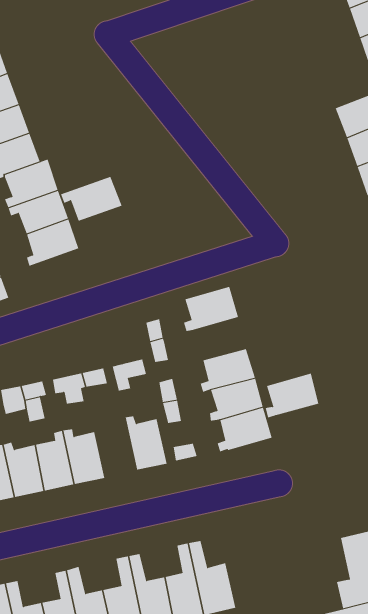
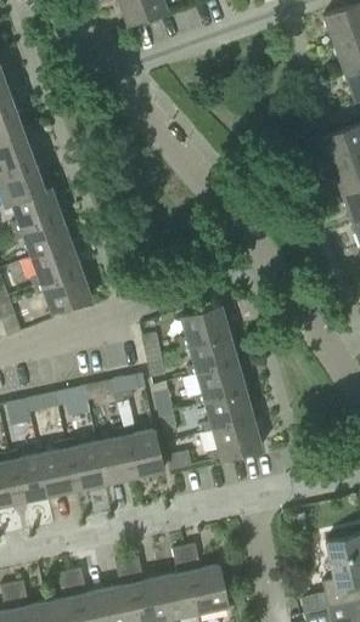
building: [60,176,122,222] -> [34,270,92,312]
building: [265,373,319,418] -> [187,334,238,377]
building: none -> [96,428,135,485]

